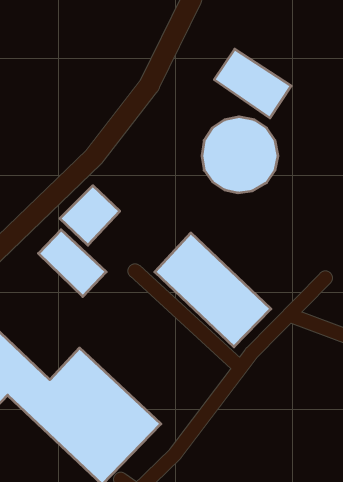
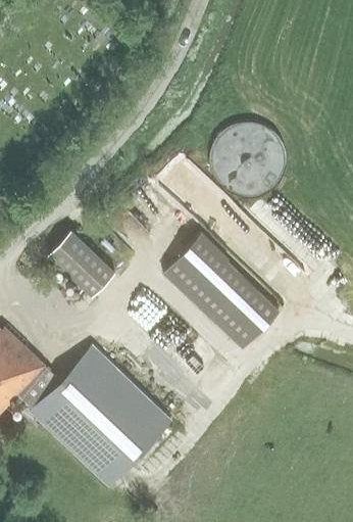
building: [214,49,291,118] -> none
building: [60,186,120,245] -> none

